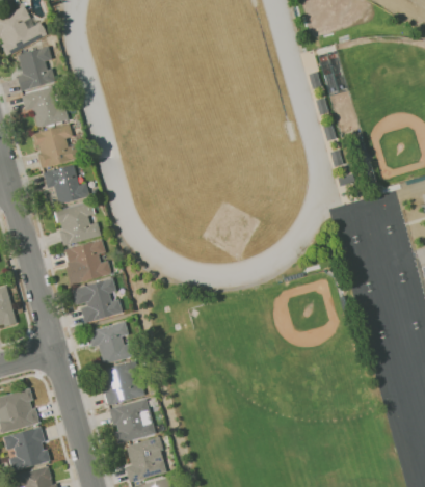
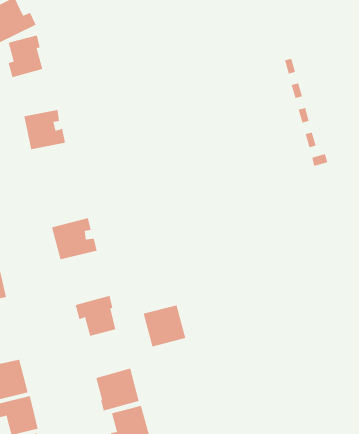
building: [21,86,68,129] -> none
building: [43,166,89,205] -> none
building: [54,201,101,246] -> none
building: [72,278,123,324] -> none
building: [99,361,144,406] -> [143,305,186,347]

